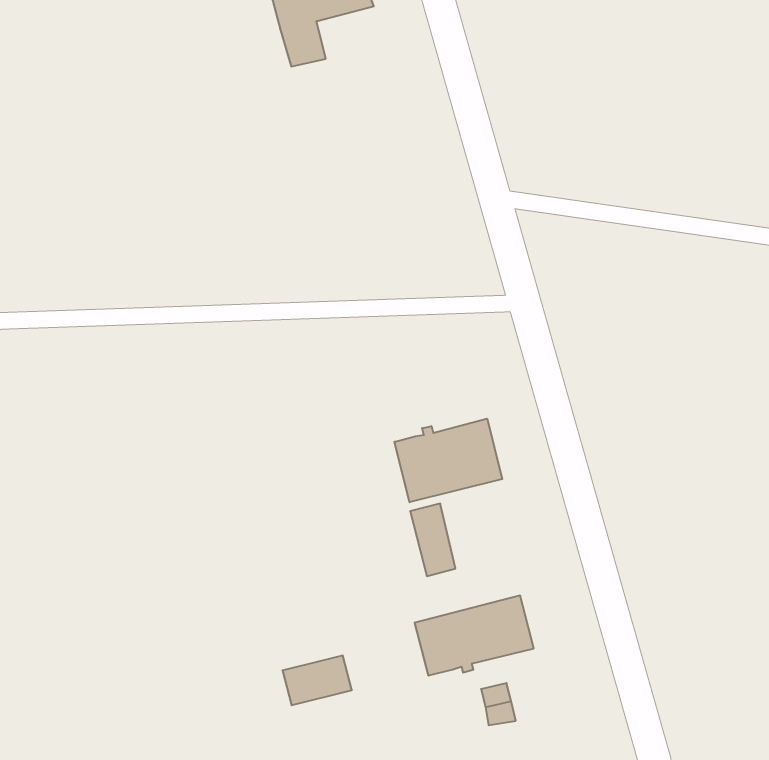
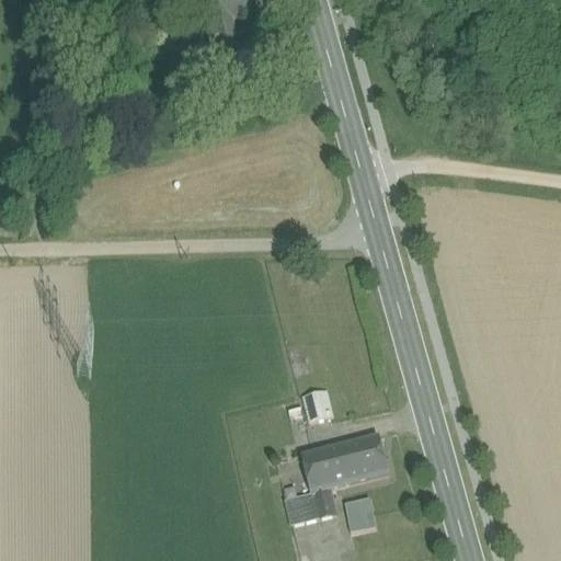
building: [394,419,502,502] -> none
building: [282,655,352,705] -> [285,486,335,523]

